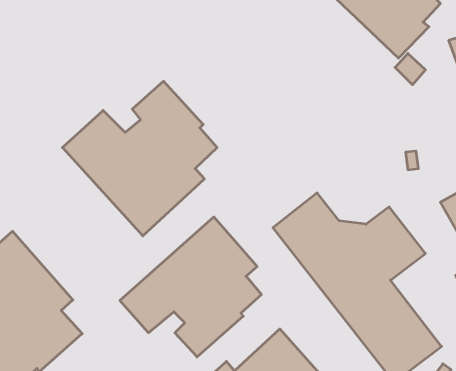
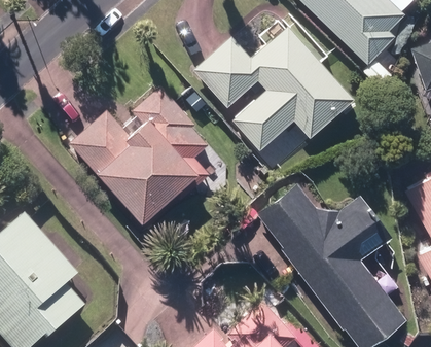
building: none -> [193,27,354,149]
building: [120,217,261,357] -> none

